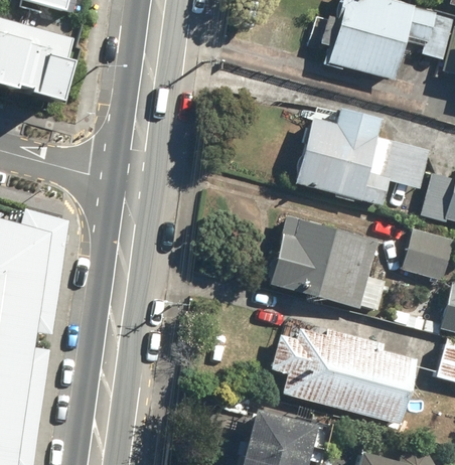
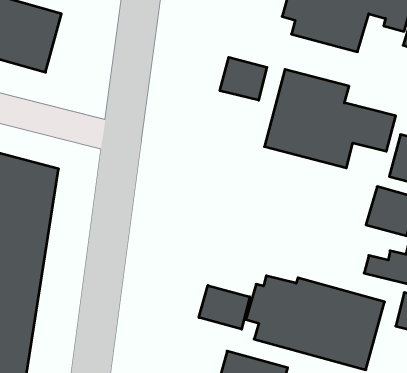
building: none -> [220,57,267,100]
building: [266,213,394,319] -> none
building: none -> [199,285,250,329]

